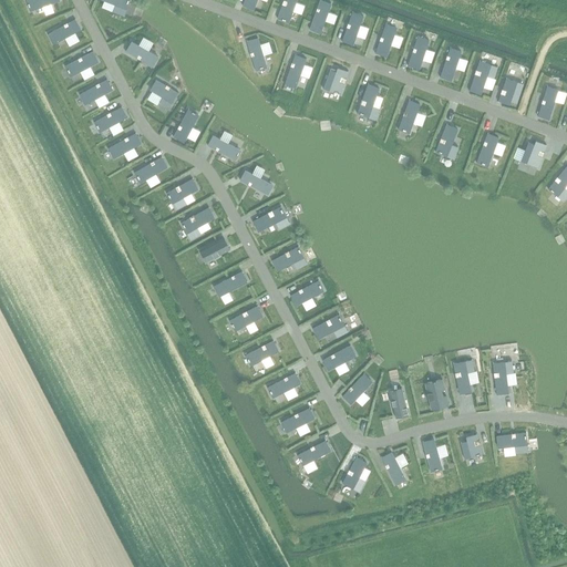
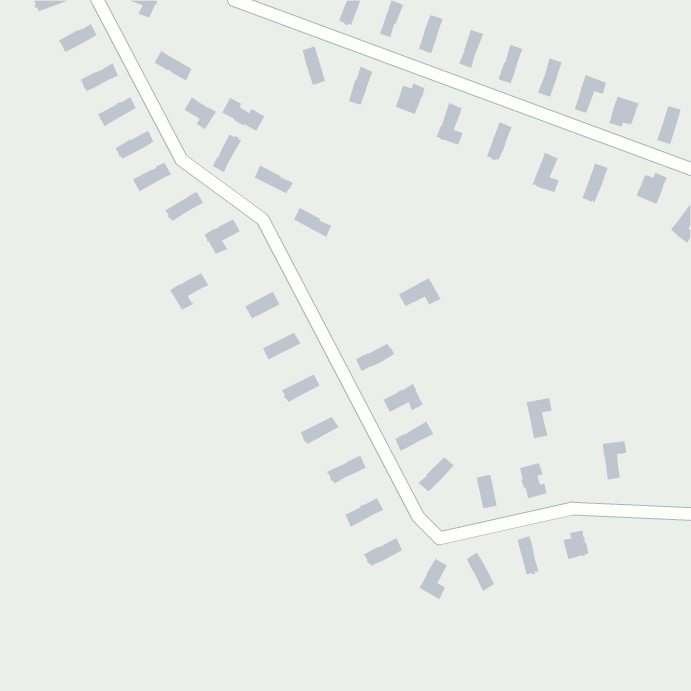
building: none -> [221,97,265,132]
building: [252,206,290,230] -> none
building: [181,207,214,239] -> [169,272,209,311]
building: [271,246,308,270] -> [397,277,442,307]
building: [453,359,475,394] -> [525,396,552,440]
building: [496,432,528,453] -> none

